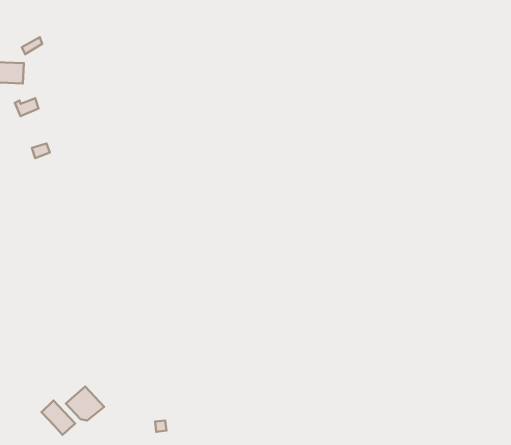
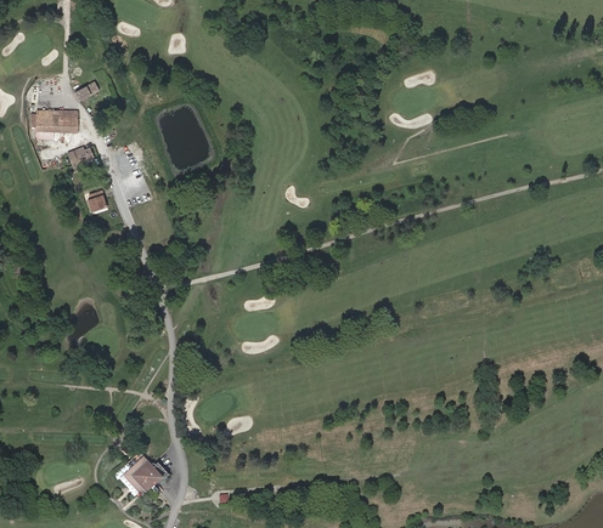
building: [42,400,75,435] -> none

